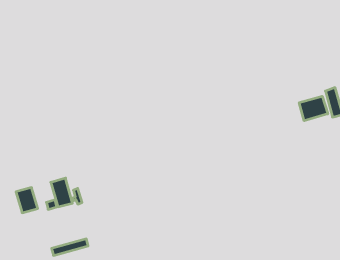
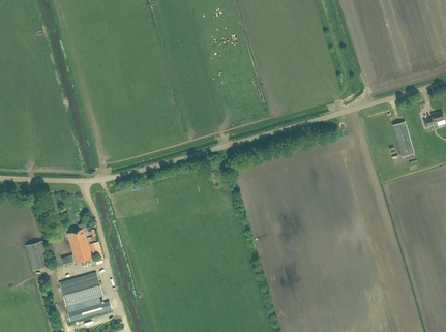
building: [299,96,328,121] -> none
building: none -> [59,272,102,306]

